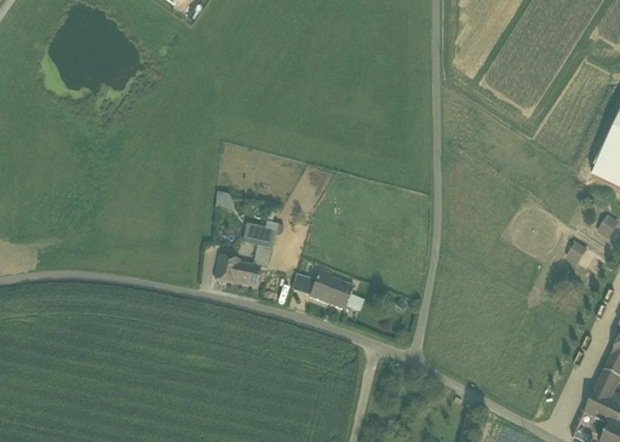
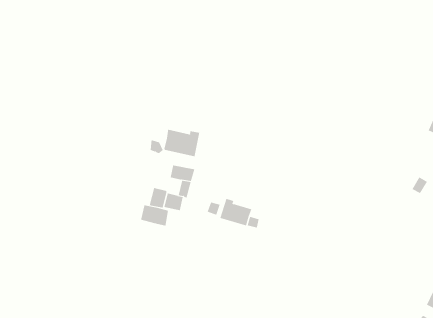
building: none -> [163,129,200,157]
building: none -> [140,204,169,227]

